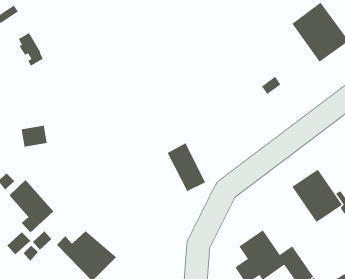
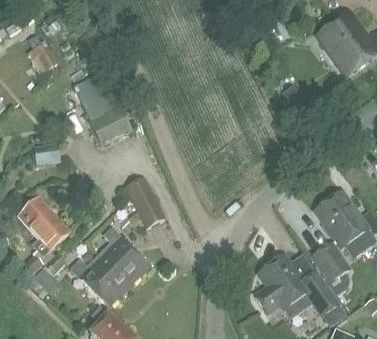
building: none -> [82,73,132,148]
building: [167,143,206,192] -> [124,176,165,228]
building: none -> [100,228,149,281]
building: none -> [315,240,352,279]

